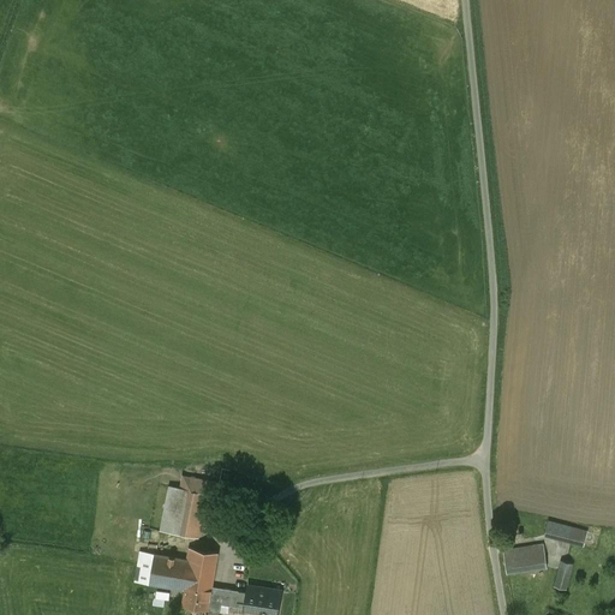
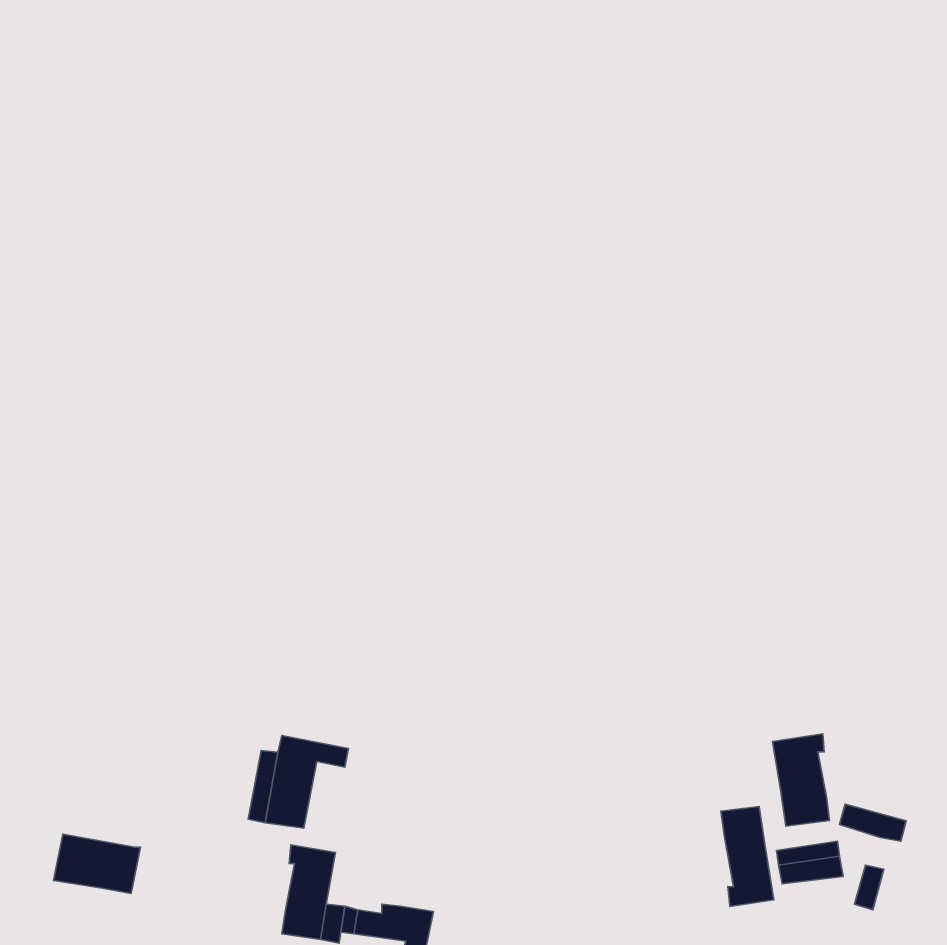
building: none -> [773,734,830,826]
building: none -> [721,806,774,906]
building: [135,553,191,591] -> [53,834,141,893]

